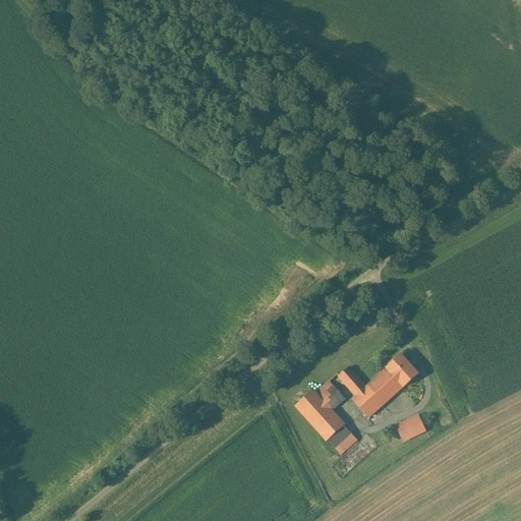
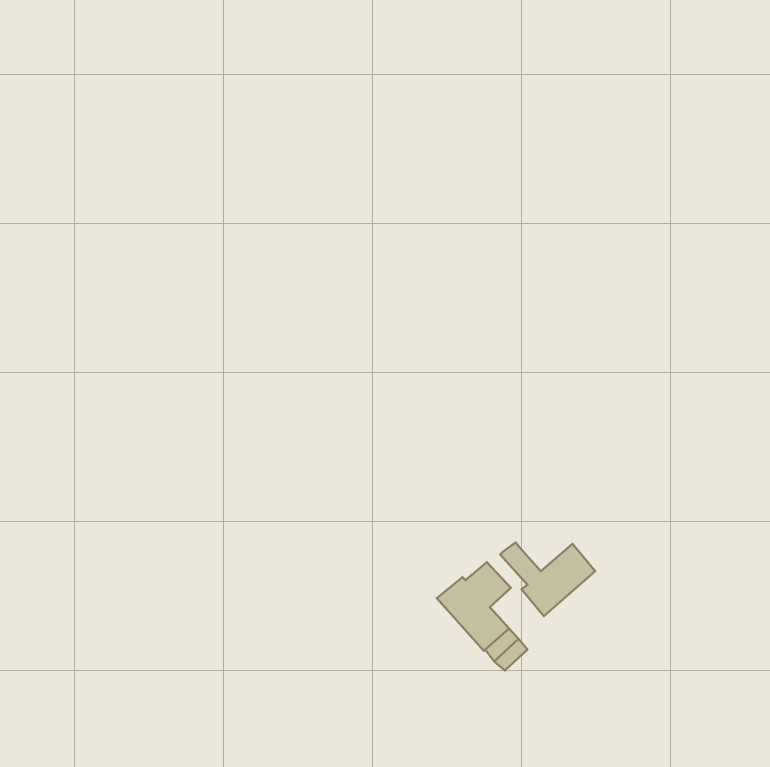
building: [386,354,417,386] -> none
building: [396,415,425,440] -> none

